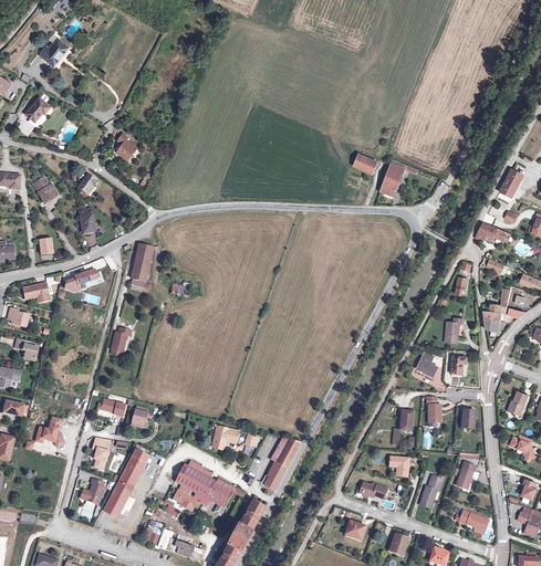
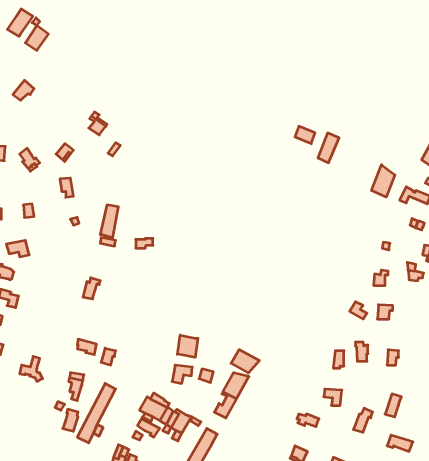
building: none -> [7,9,33,36]
building: none -> [372,165,395,197]
building: [62,266,97,292] -> none
building: none -> [177,335,198,357]
building: none -> [231,350,259,373]

